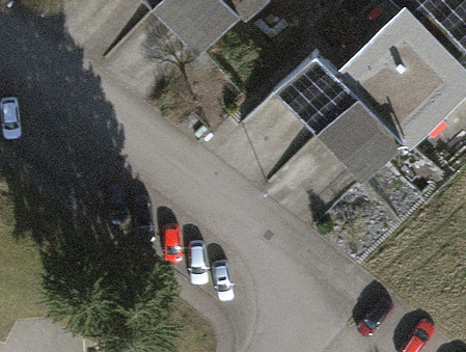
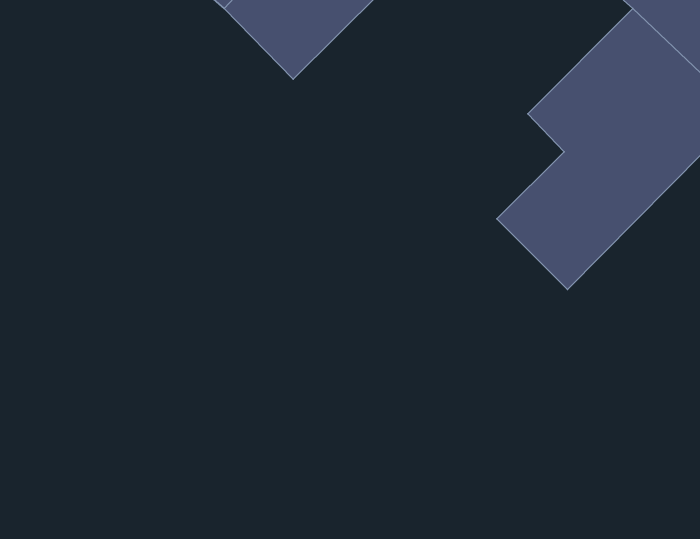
building: [276,55,361,139] -> none

